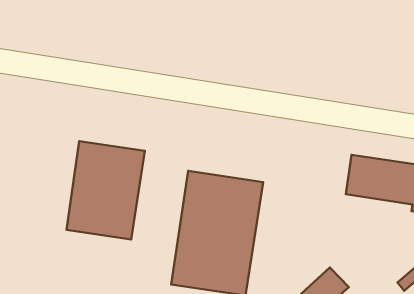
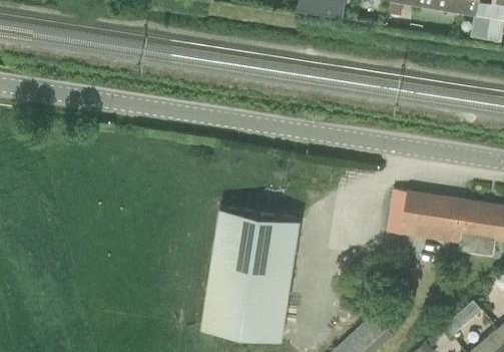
building: [66,141,145,239] -> none

